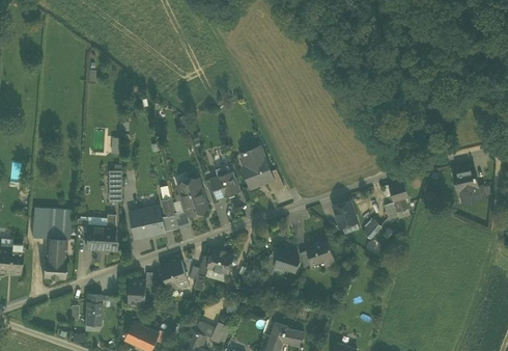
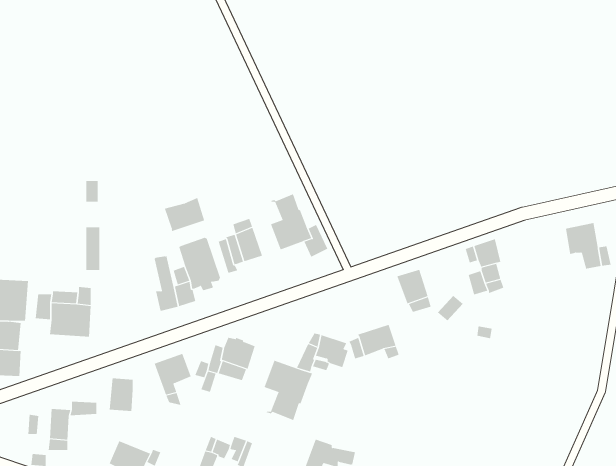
building: none -> [164,197,205,232]
building: [130,205,164,237] -> none
building: none -> [264,360,313,421]

